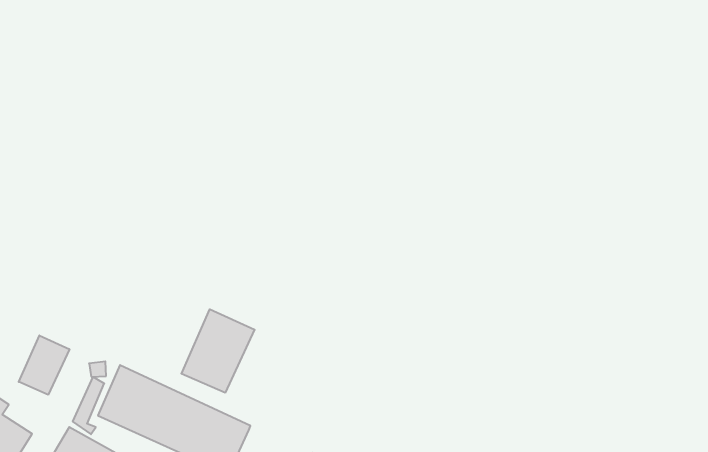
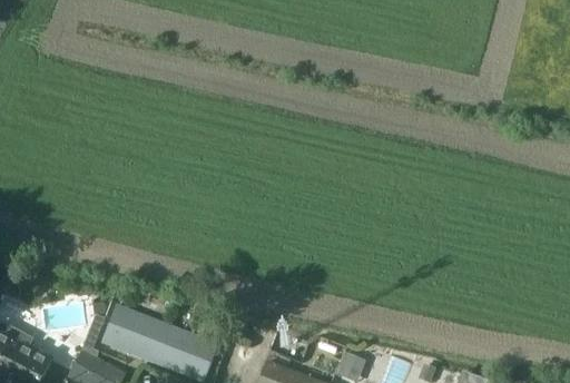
building: [181,309,255,393] -> none
building: [19,335,69,395] -> none

